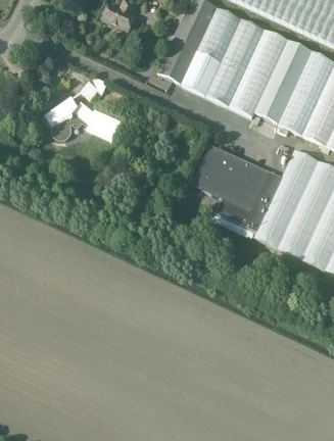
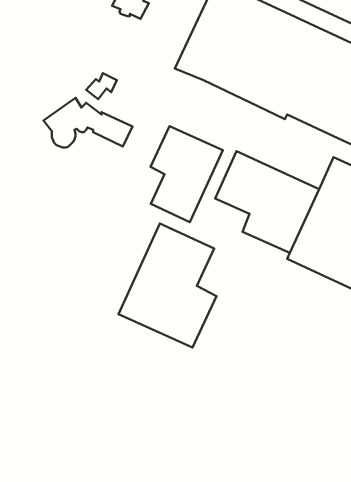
building: none -> [151,126,223,222]
building: none -> [118,223,216,348]

